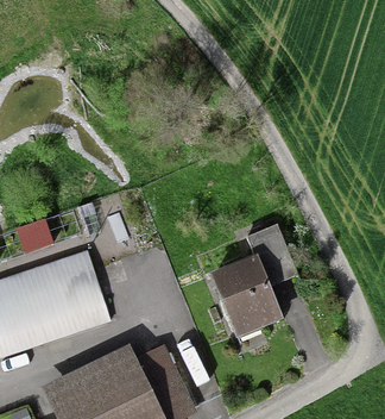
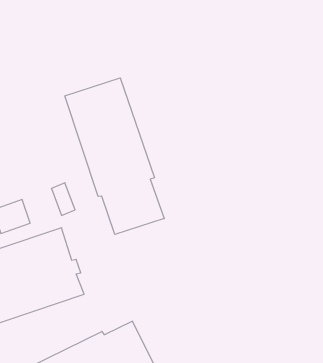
building: none -> [65,78,164,234]
building: [208,223,298,345] -> none

